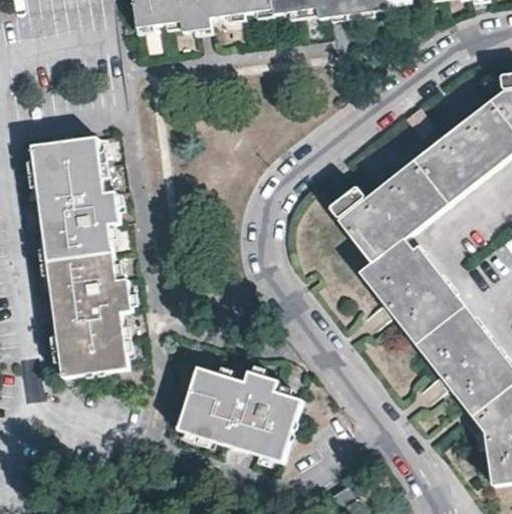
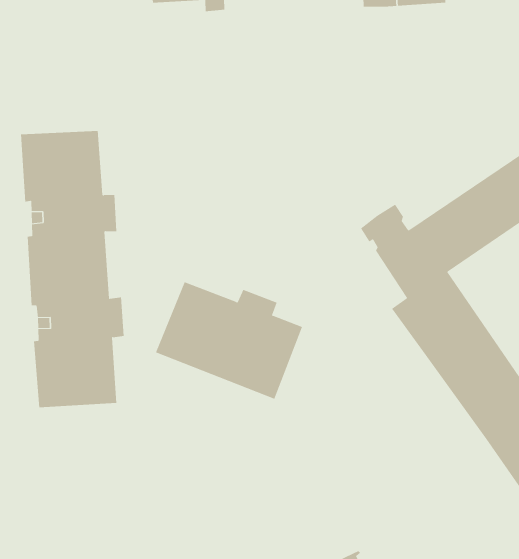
building: [176,366,299,461] -> [155,281,303,399]

